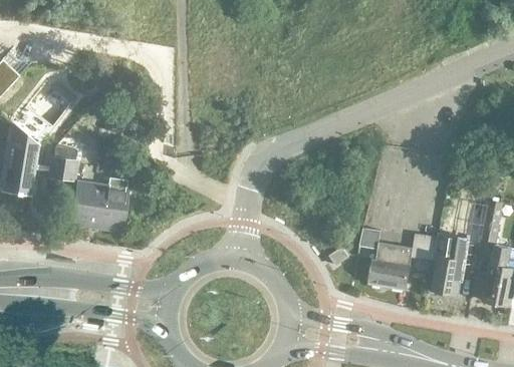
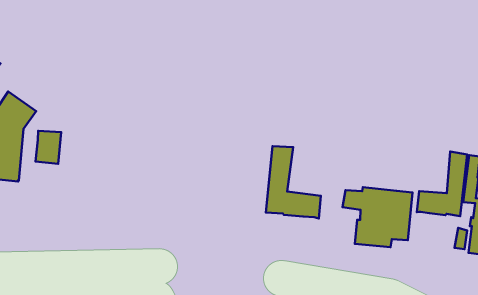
building: none -> [266,146,321,218]
building: [68,180,126,231] -> none
building: [430,256,462,297] -> none

